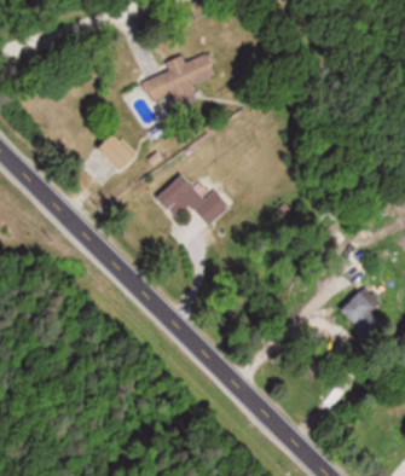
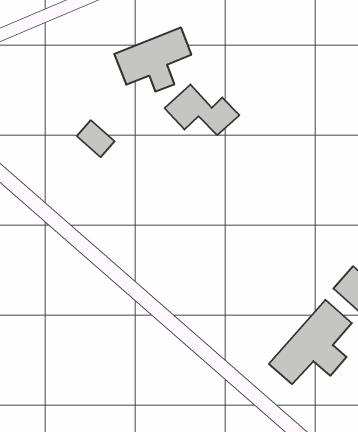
building: [157,173,230,224] -> [165,84,239,135]
building: none -> [269,300,352,384]

